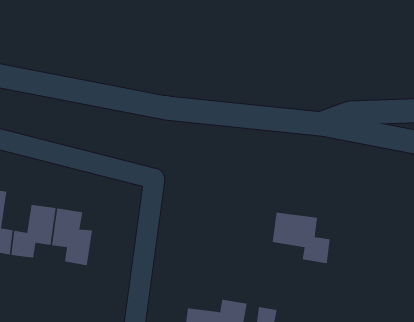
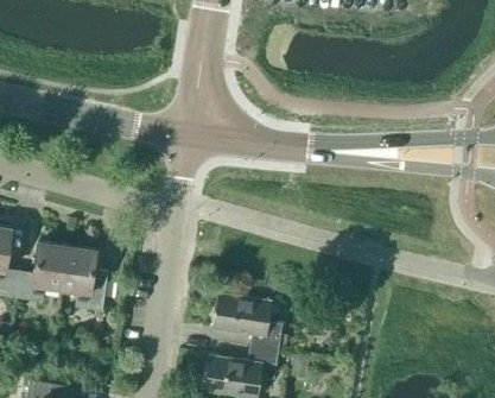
building: [272,212,331,264] -> [216,295,281,352]

